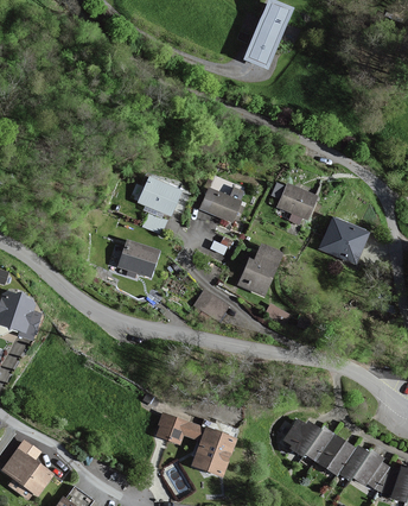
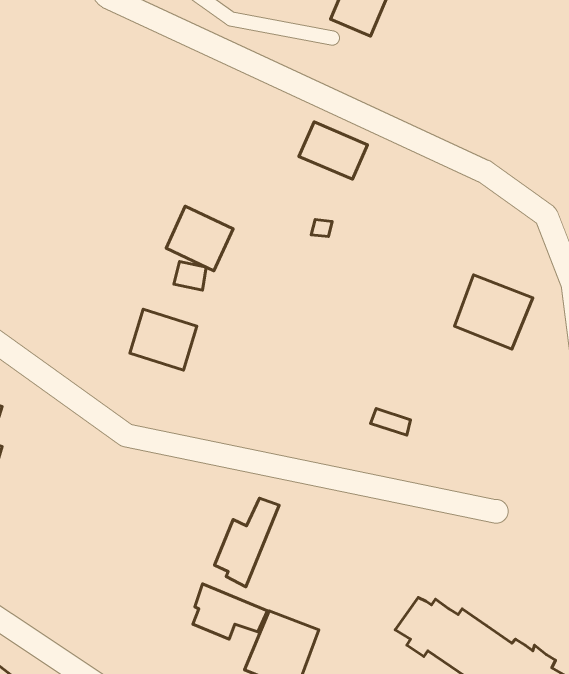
building: [279,184,317,216] -> none
building: [200,188,243,223] -> [299,122,368,179]
building: [237,245,282,296] -> none
building: none -> [215,498,279,587]

